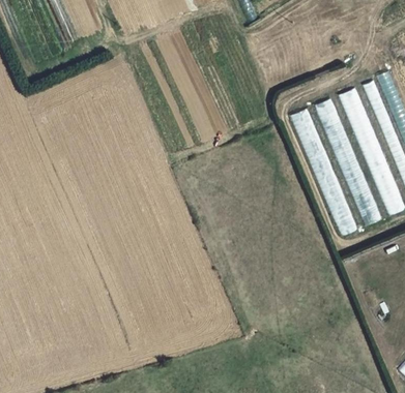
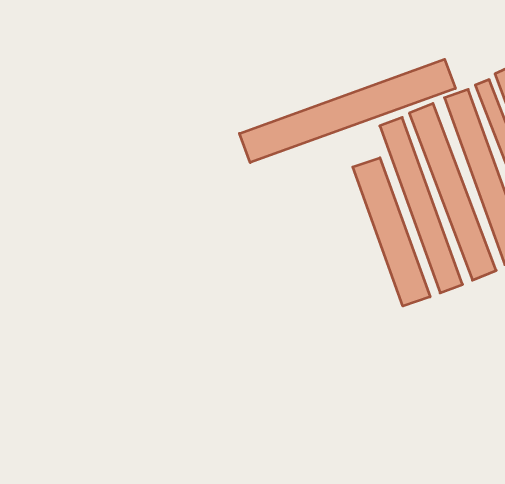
building: none -> [239,59,455,163]
building: none -> [353,158,430,306]

